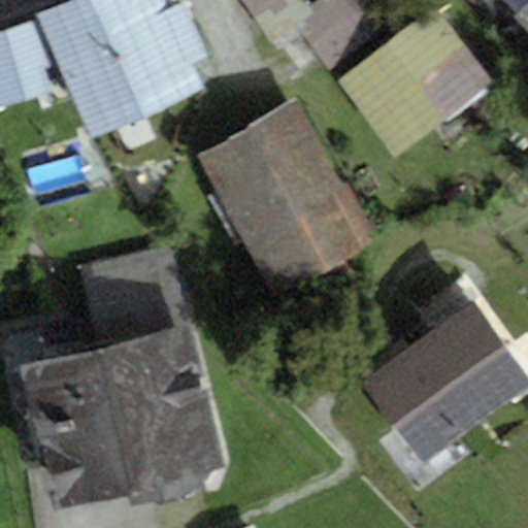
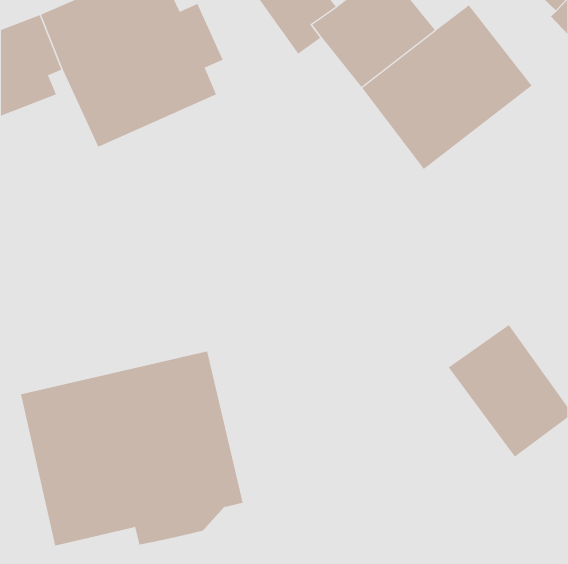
building: [198,99,377,297] -> none
building: [80,242,193,348] -> none
building: [360,341,477,465] -> none

